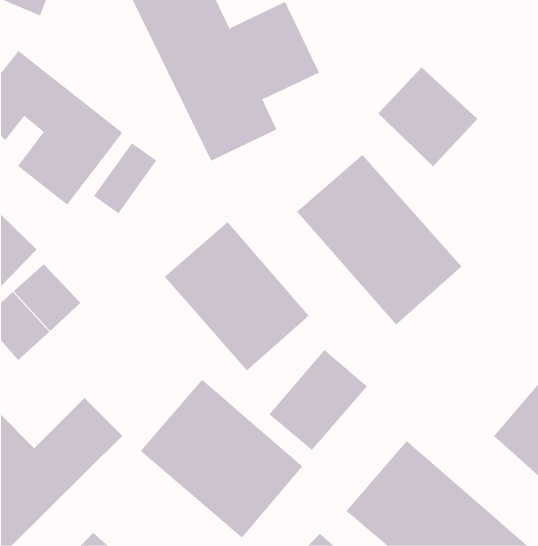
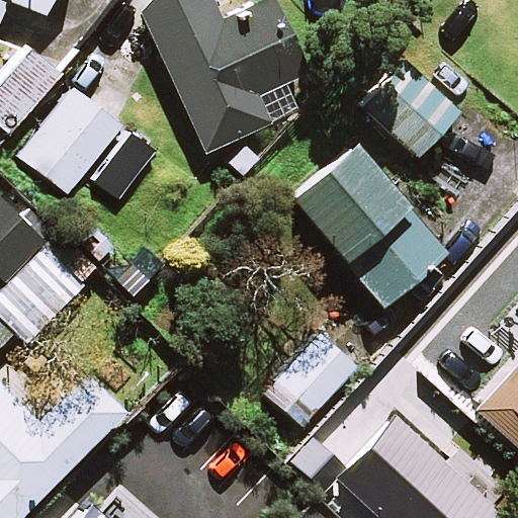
building: [164,221,310,371] -> none
building: [140,379,303,538] -> none

